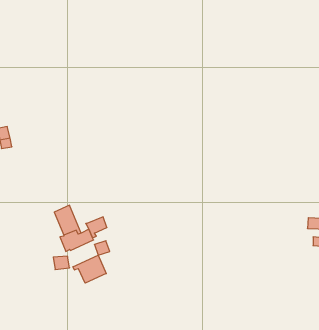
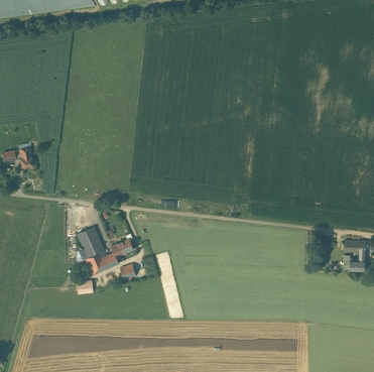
building: [73,255,106,283] -> none

